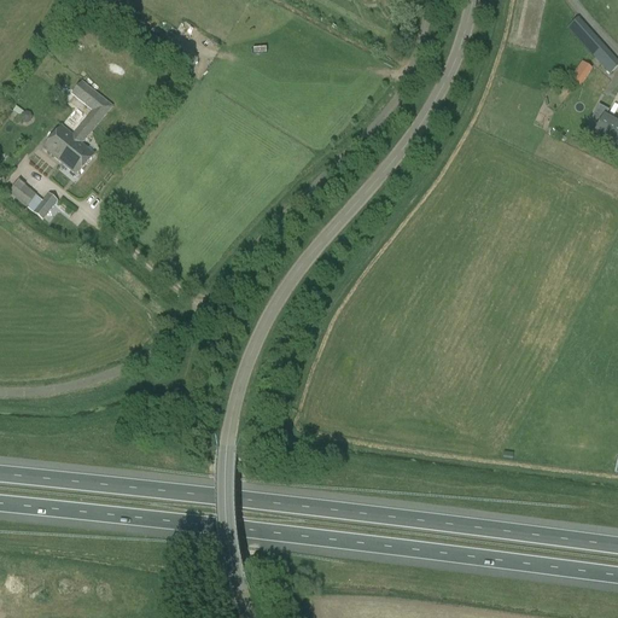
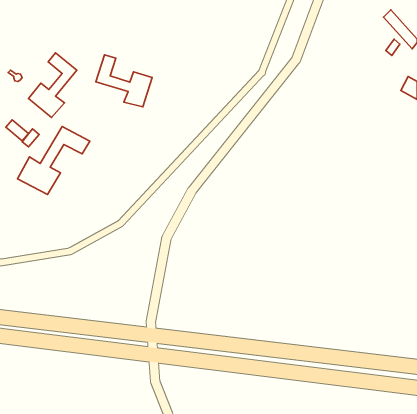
building: none -> [96,55,152,107]
building: none -> [18,126,90,195]

